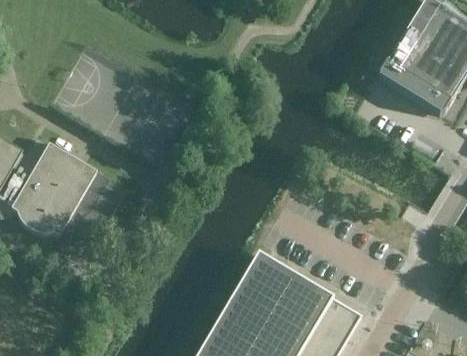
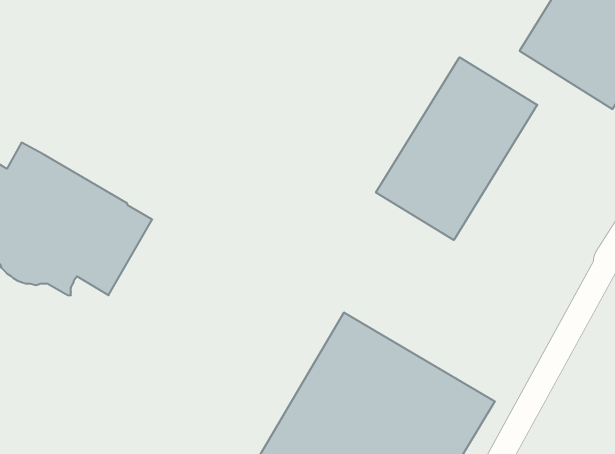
building: none -> [376,57,537,240]

